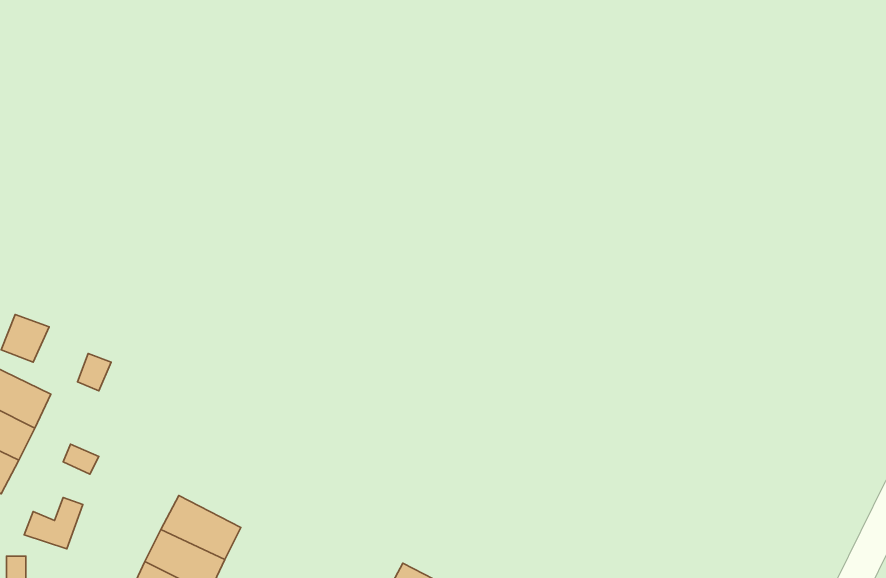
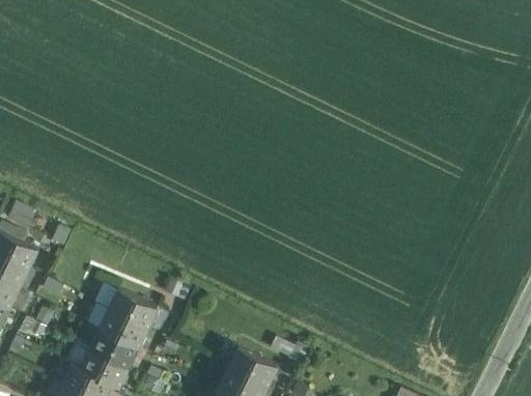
building: none -> [109,289,155,327]

